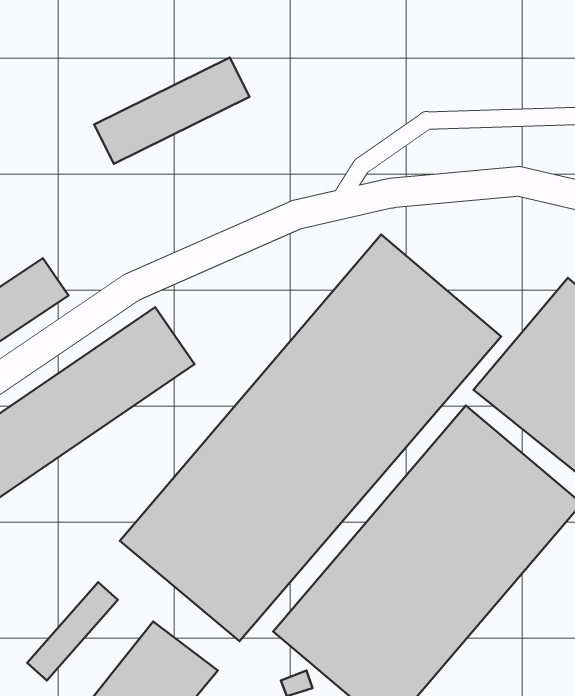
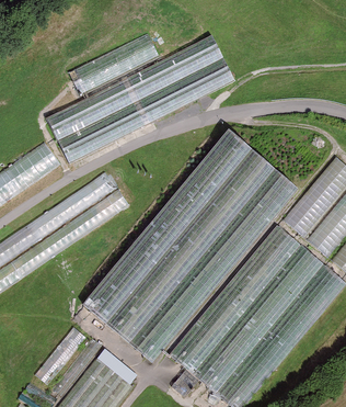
building: none -> [45,35,232,160]

